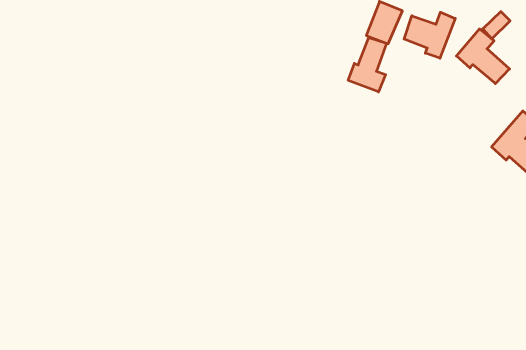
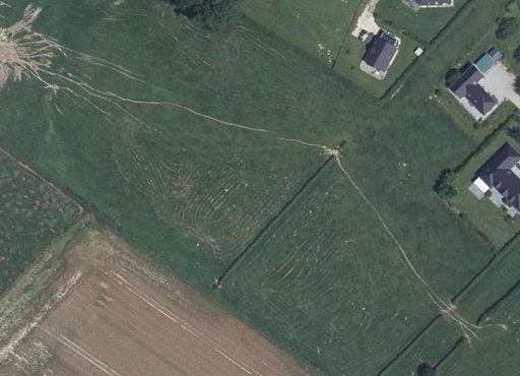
building: [404,12,455,58] -> none
building: [348,38,387,92] -> none

